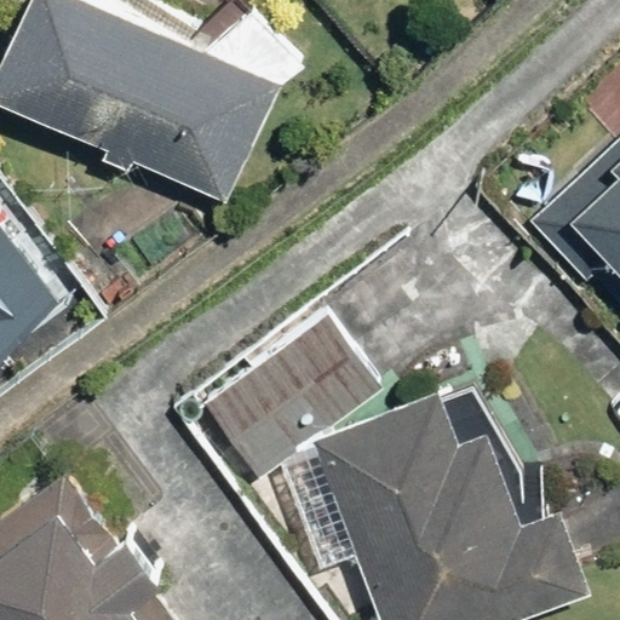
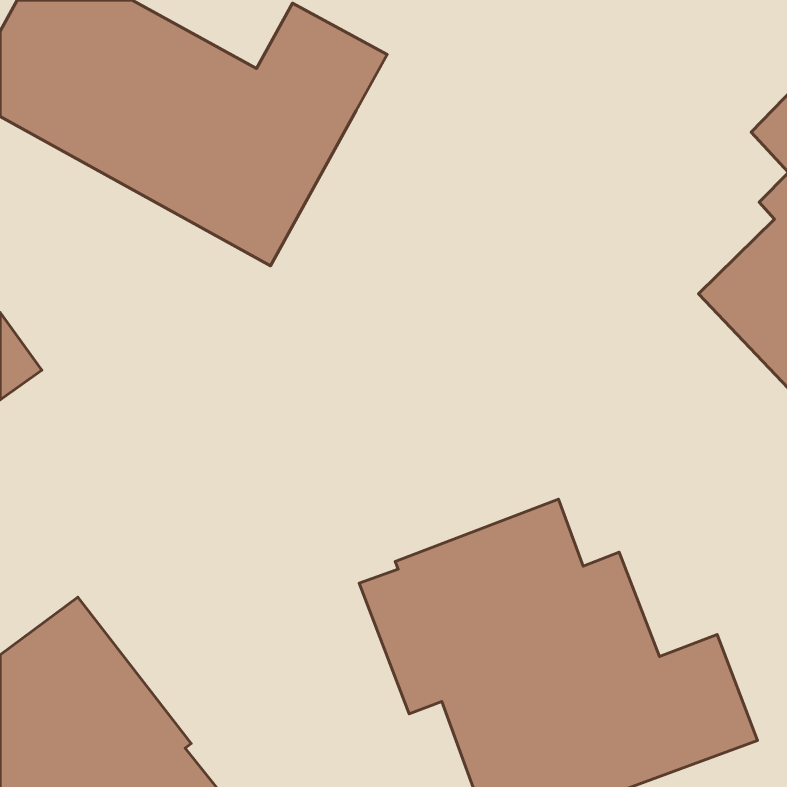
building: [191,309,373,481] -> none

